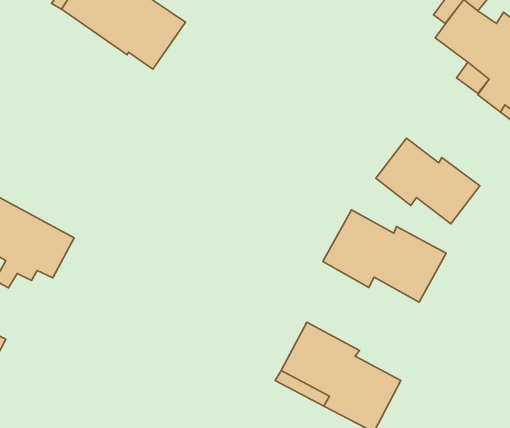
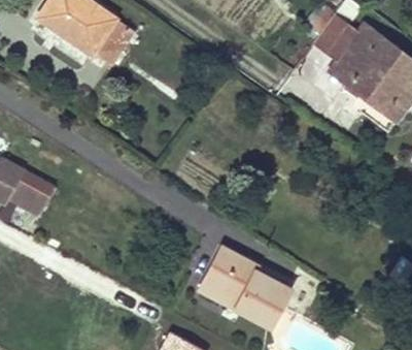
building: [376,138,480,224] -> none
building: [323,210,446,302] -> none

